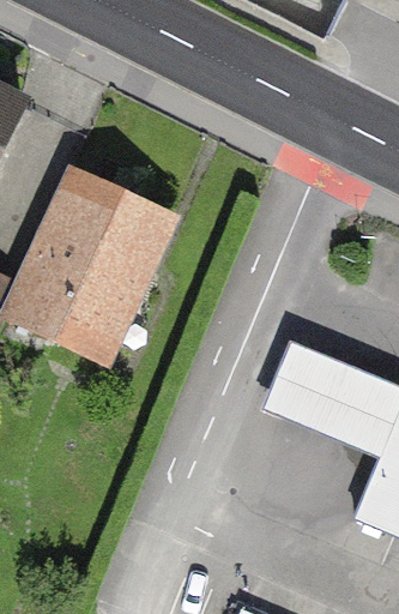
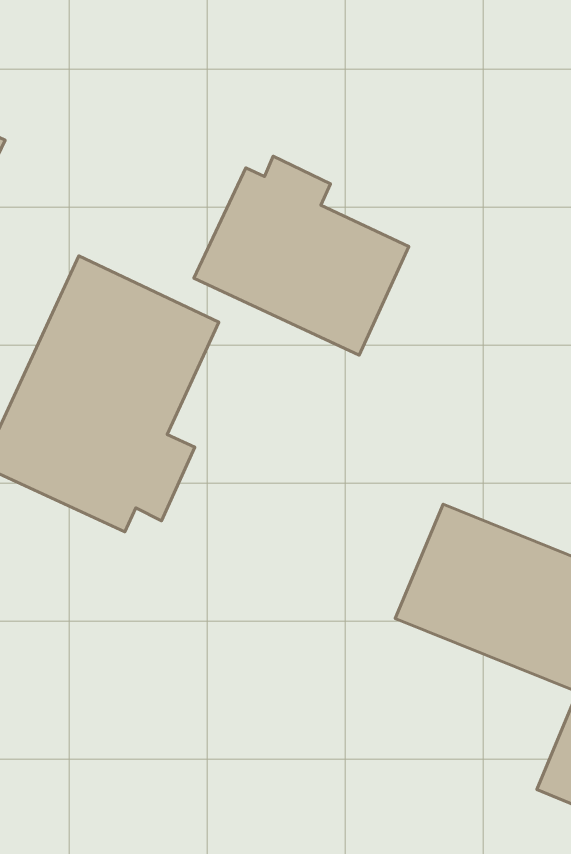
building: none -> [194,156,409,355]

